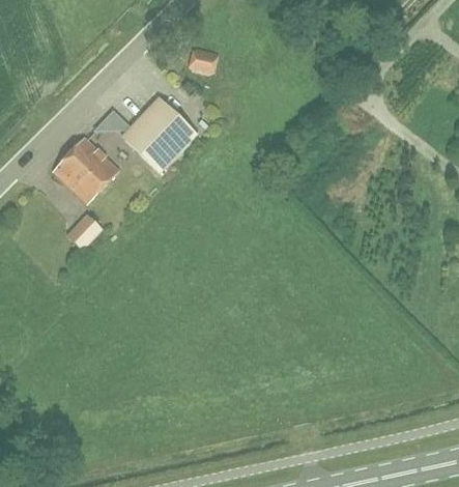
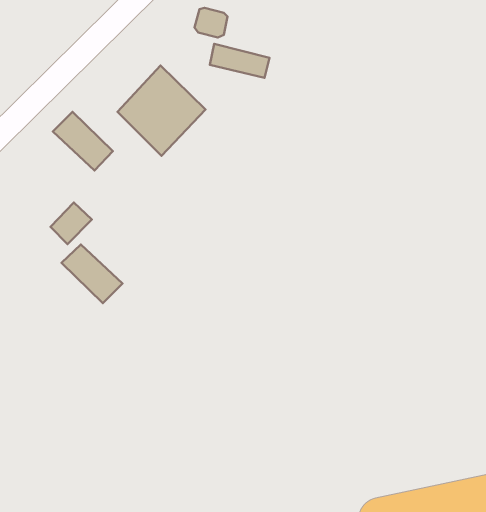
building: none -> [210,44,270,78]
building: [52,152,104,202] -> [61,244,122,303]

